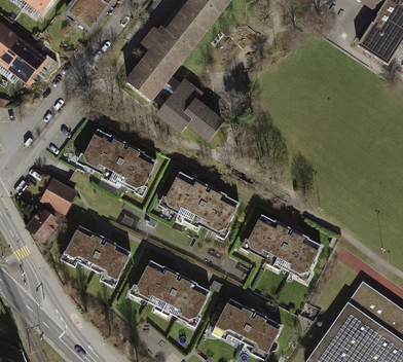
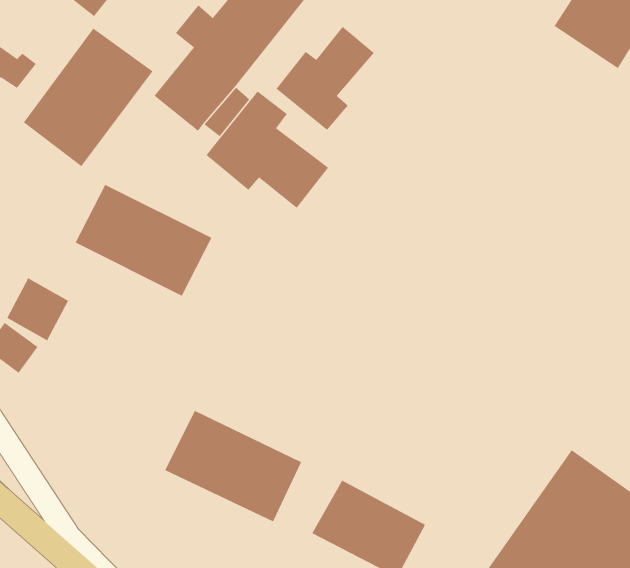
building: none -> [276,26,375,131]
building: none -> [23,28,154,167]
building: [160,171,241,237] -> none
building: [243,214,322,280] -> none
building: [63,225,131,283] -> none

